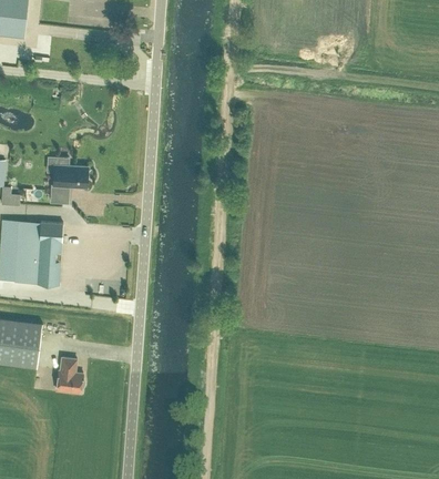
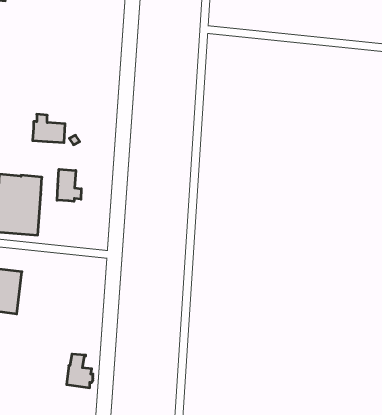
building: none -> [57,169,81,201]
building: [55,358,83,394] -> [67,354,93,388]

